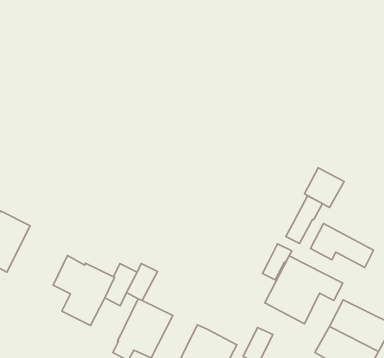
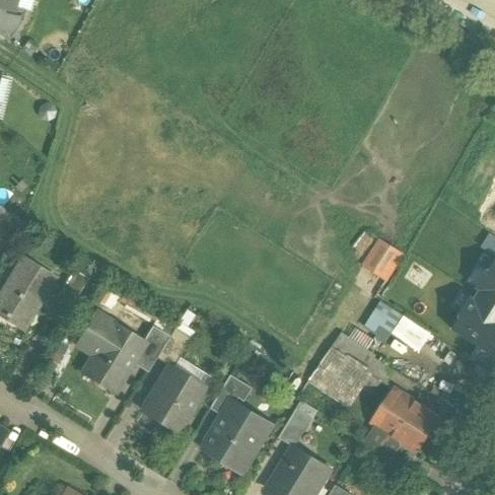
building: [286,196,323,243] -> none
building: [262,244,292,280] -> none
building: none -> [211,375,253,415]

